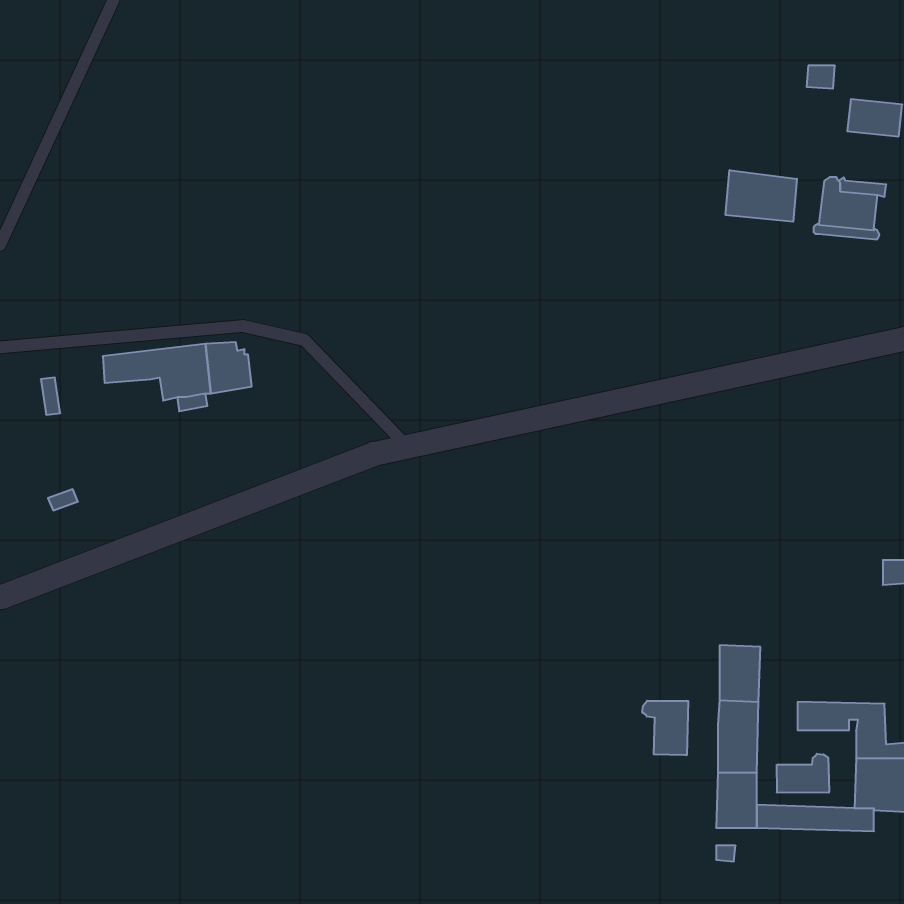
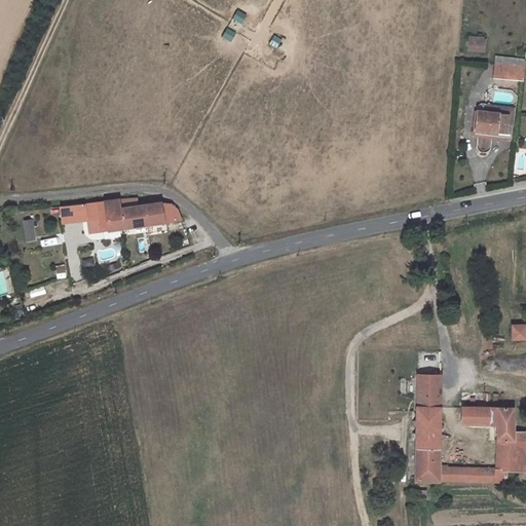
building: [726,170,797,222] -> none
building: none -> [145,203,181,225]
building: [642,701,688,755] -> none
building: [777,754,829,793] -> none

